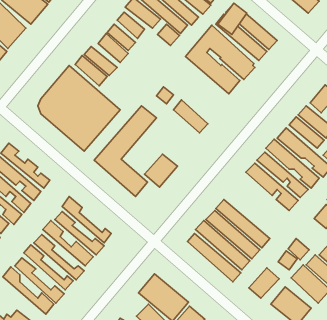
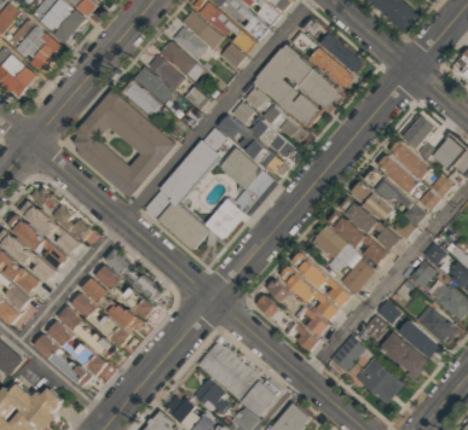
building: none -> [232,87,305,158]
building: none -> [218,147,273,197]
building: none -> [314,227,377,294]

